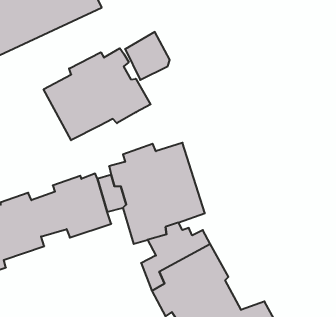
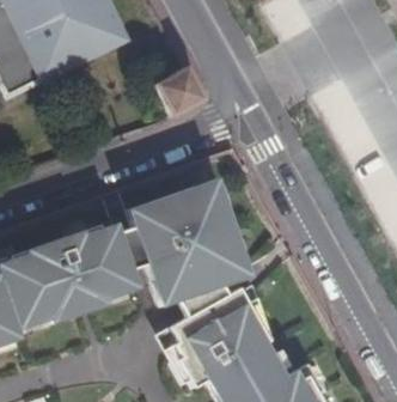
building: [44,48,151,140] -> none

